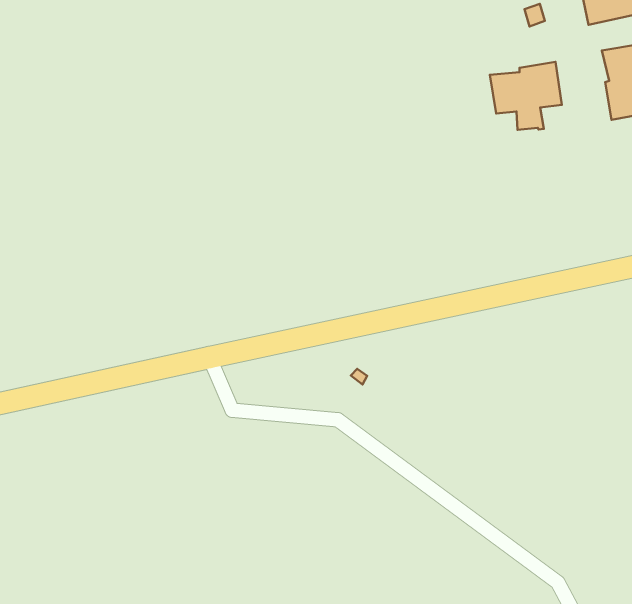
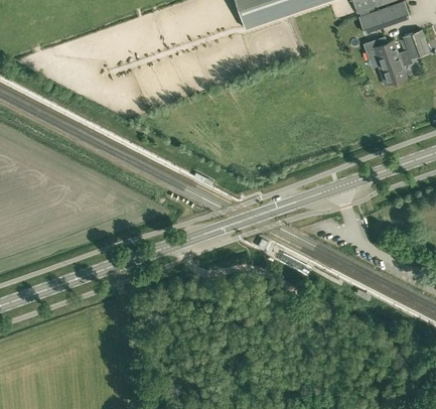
building: [490,62,562,130] -> none

